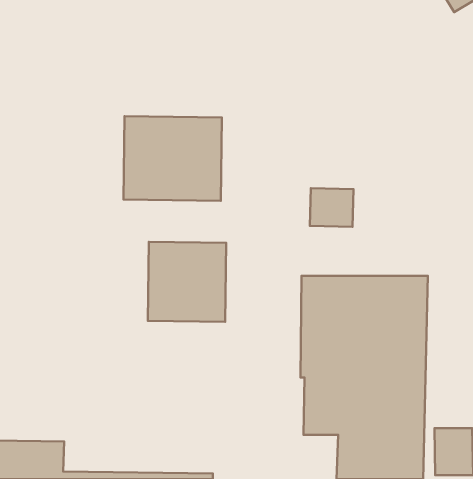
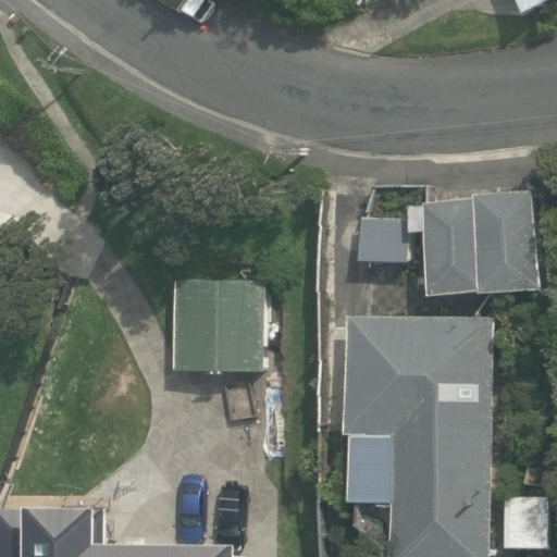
building: [124,116,222,201] -> none
building: none -> [424,189,539,298]

